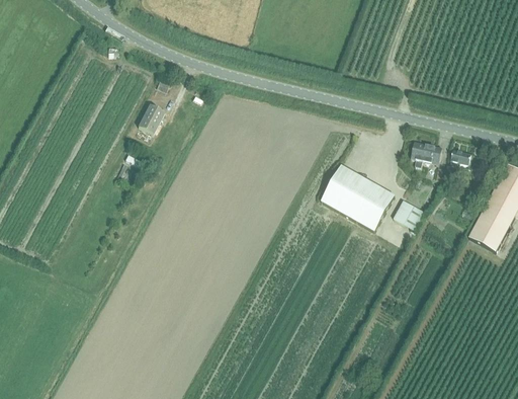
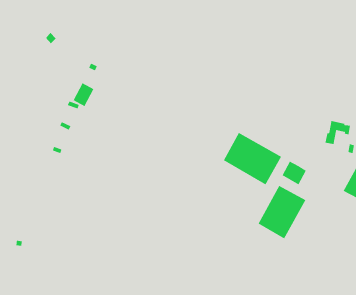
building: [410,141,441,167] -> none
building: none -> [258,185,307,239]

